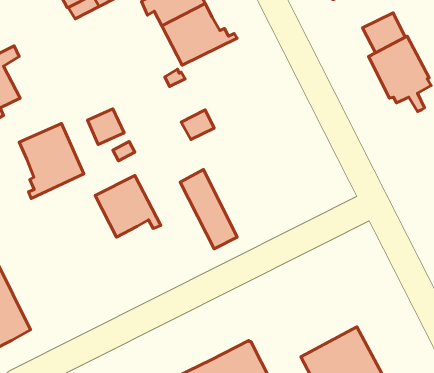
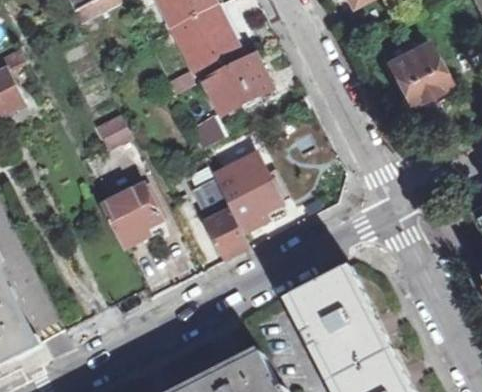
building: [362,13,405,53] -> none
building: none -> [204,53,274,114]
building: [19,123,84,198] -> none
building: none -> [209,138,284,231]
building: none -> [277,259,375,372]

